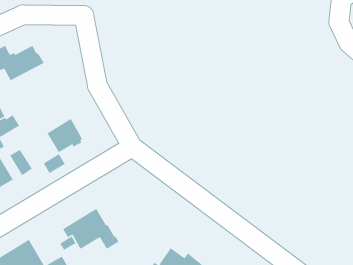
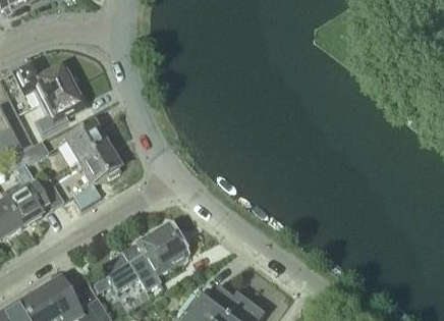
building: none -> [35,81,86,129]
building: none -> [66,121,107,159]
building: none -> [134,220,188,274]

